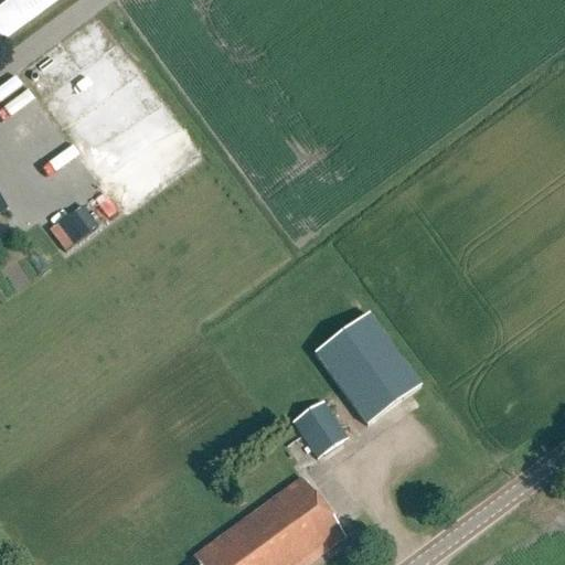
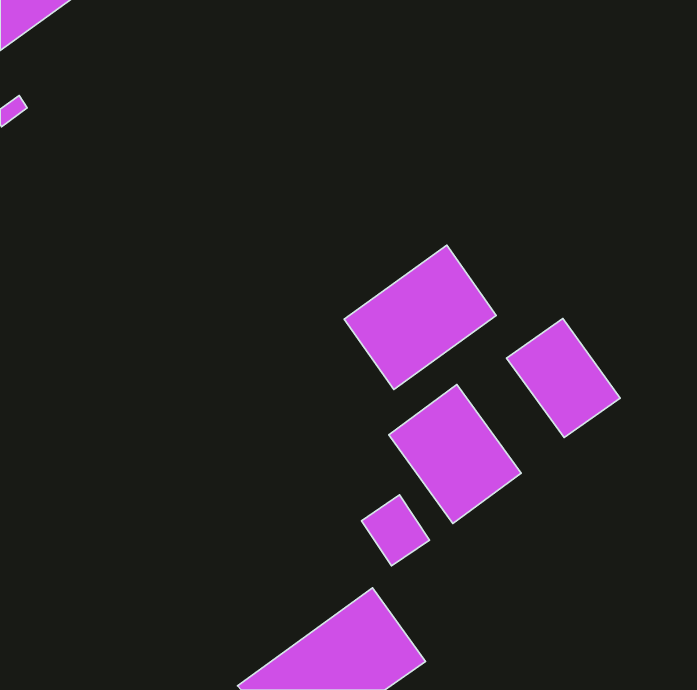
building: none -> [344,245,496,390]
building: none -> [507,319,620,438]

